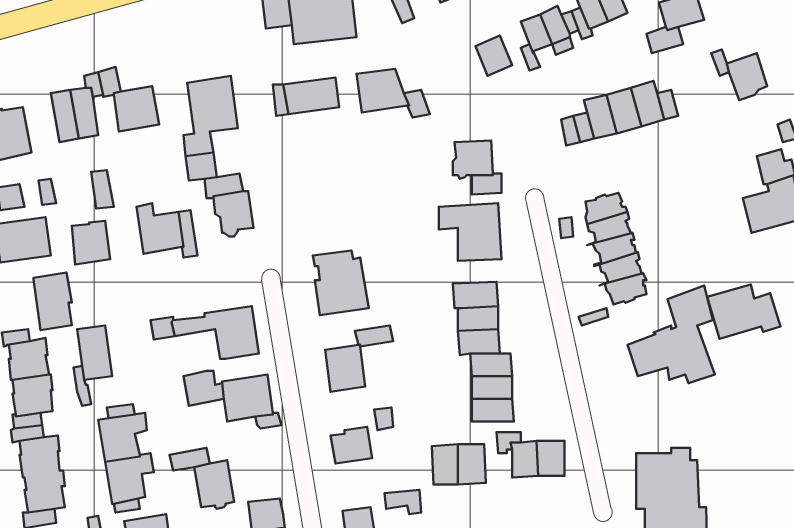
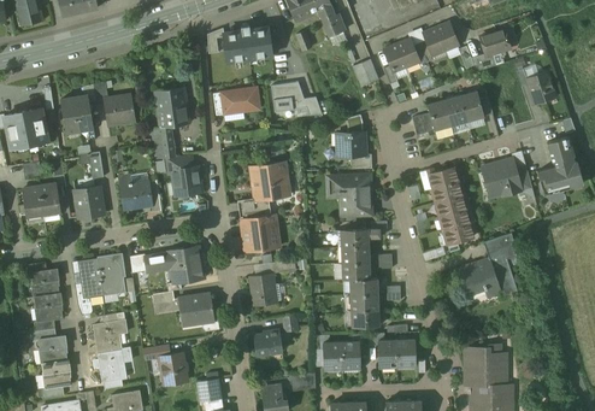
building: none -> [240,160,288,211]
building: [33,273,72,330] -> [98,254,124,294]
building: [707,285,781,339] -> [482,159,532,196]

